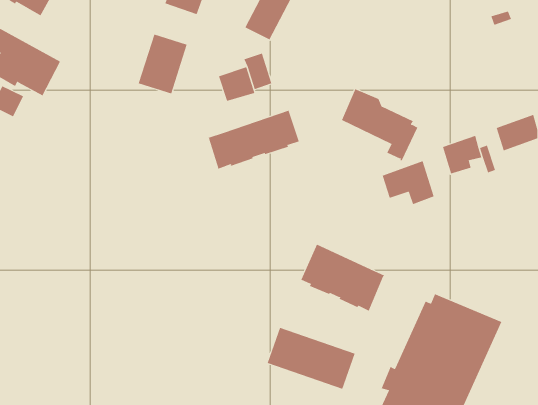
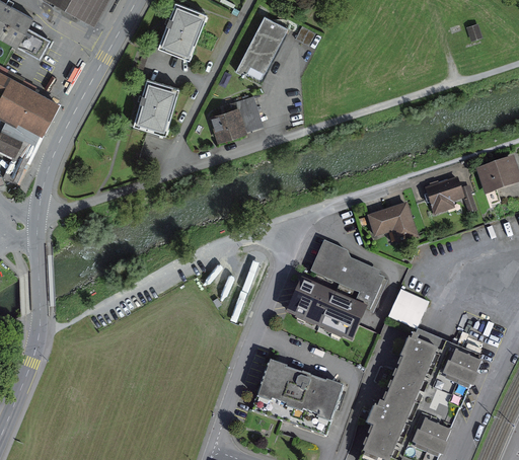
building: [341,88,418,161] -> [313,242,387,312]
building: [208,110,299,170] -> none
building: none -> [387,288,427,327]

